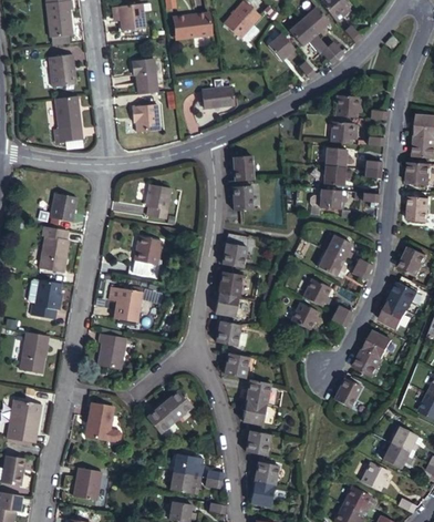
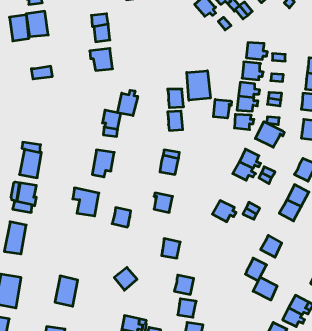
building: [200,86,234,112] -> none
building: [53,95,79,130] -> [9,15,29,41]
building: none -> [187,71,210,100]
building: none -> [118,90,138,116]
building: none -> [213,99,232,118]
building: [48,195,74,224] -> none
building: none -> [255,122,284,147]
building: [217,272,241,297] -> none
building: [302,278,331,306] -> none
building: [215,320,239,346] -> [112,208,131,227]
building: [363,329,391,358] -> none
building: [96,332,125,369] -> none
building: [245,379,270,405] -> none
building: none -> [253,277,277,300]
building: [145,403,175,433] -> none

